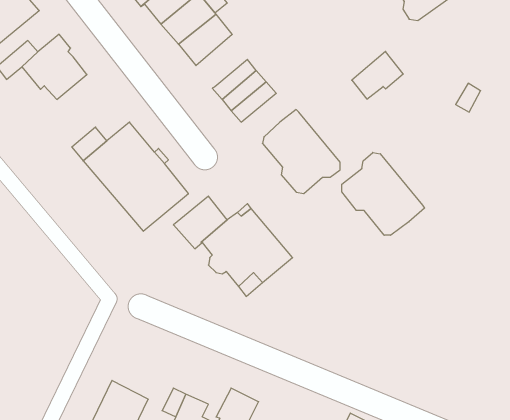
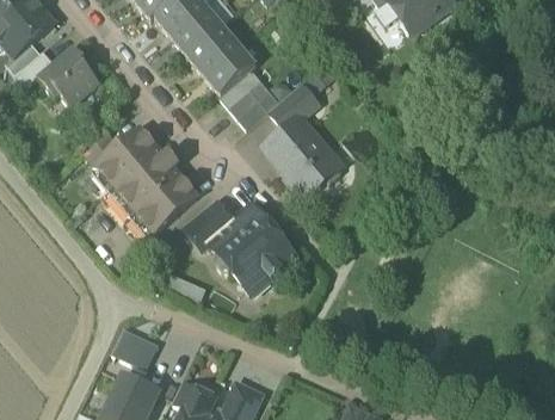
building: none -> [203,44,255,94]
building: [352,51,403,99] -> [269,82,317,128]
building: [342,152,425,235] -> none
building: none -> [111,327,158,370]

